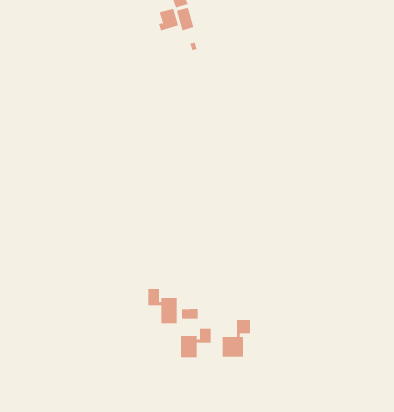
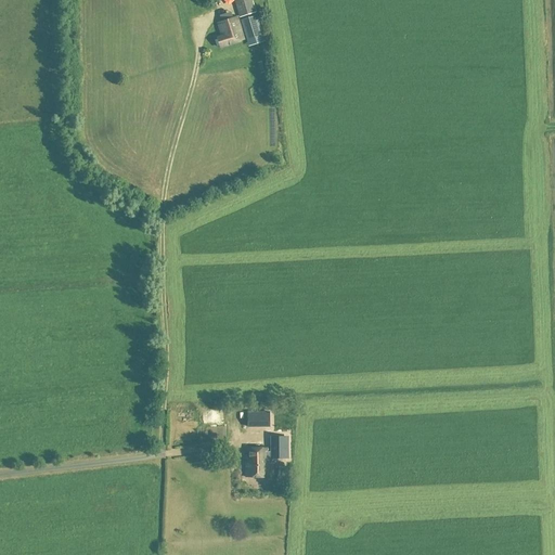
building: [148,288,177,324] -> none
building: [222,319,251,357] -> none

